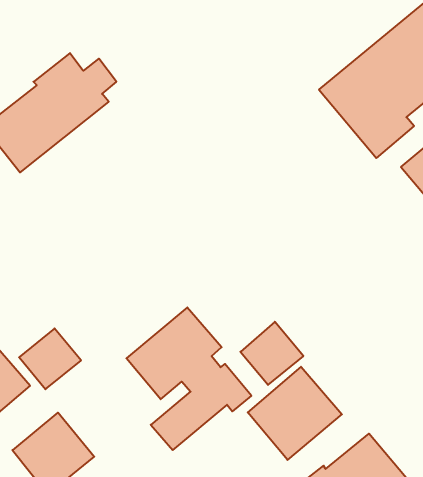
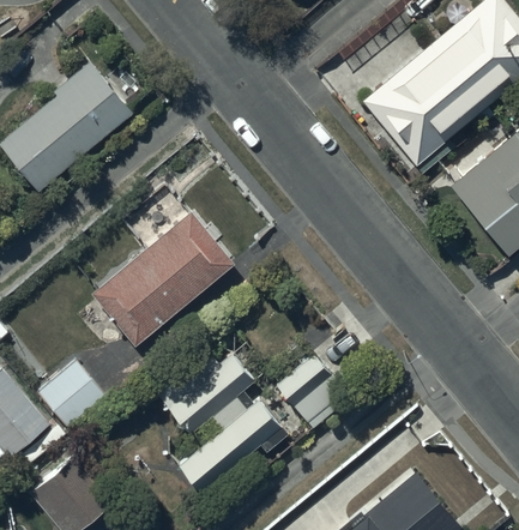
building: none -> [90,211,235,348]
building: [248,367,342,460] -> none

